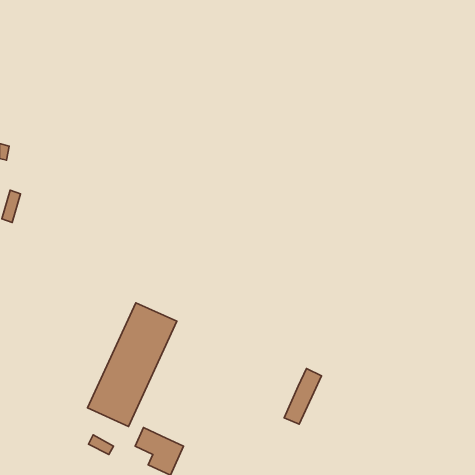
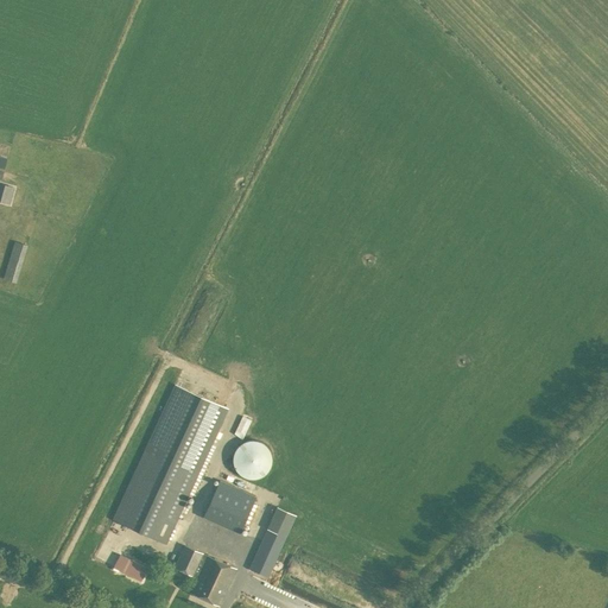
building: none -> [232,439,270,477]
building: [284,368,321,424] -> [247,507,294,578]
building: none -> [202,481,255,534]

